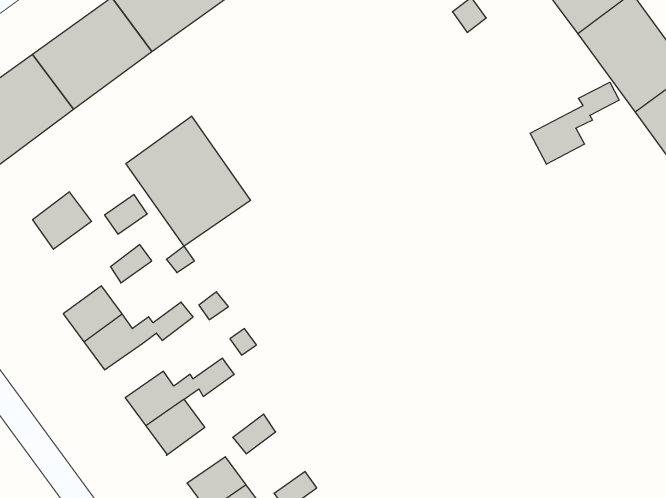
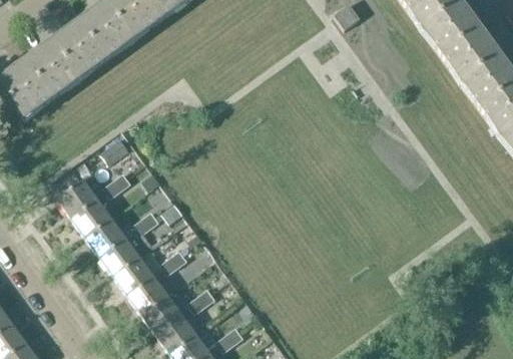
building: [530,82,619,164] -> none
building: [126,116,251,246] -> none
building: [33,192,92,249] -> [58,178,98,218]
building: none -> [100,238,140,275]
building: none -> [142,295,182,333]

